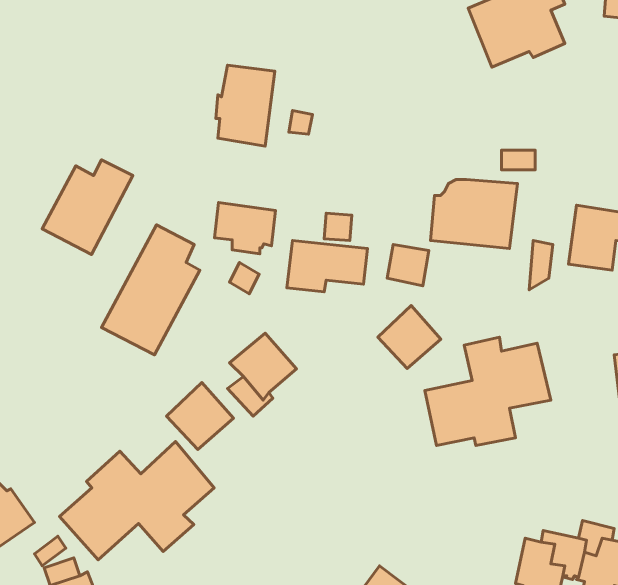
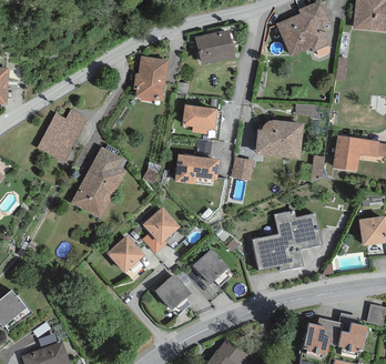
building: none -> [194,29,235,64]
building: [214,203,276,254] -> [182,104,216,133]
building: [378,306,441,369] -> [193,247,228,283]
building: [60,442,214,560] -> none
building: none -> [154,273,191,310]

